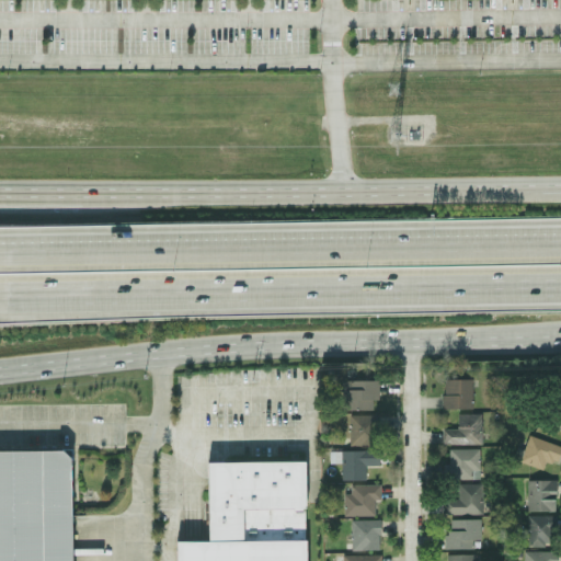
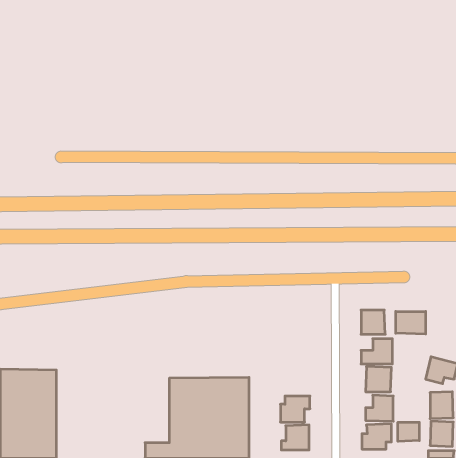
building: [346,379,379,410] -> none
building: none -> [396,311,426,334]
building: [350,414,379,445] -> none
building: [342,449,380,480] -> none
building: none -> [398,422,419,441]

